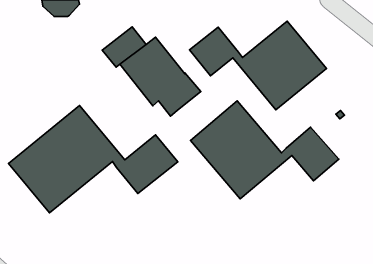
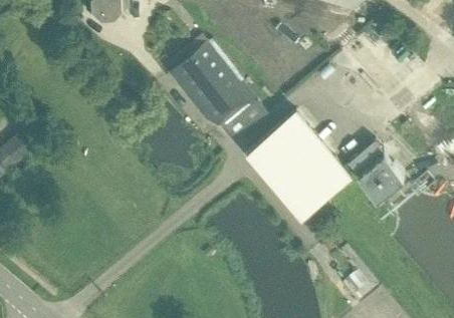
building: [190,21,327,110] -> none
building: [8,106,178,213] -> none

